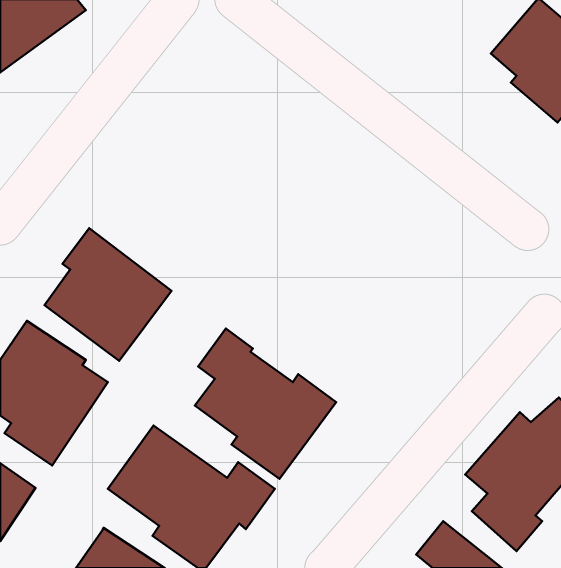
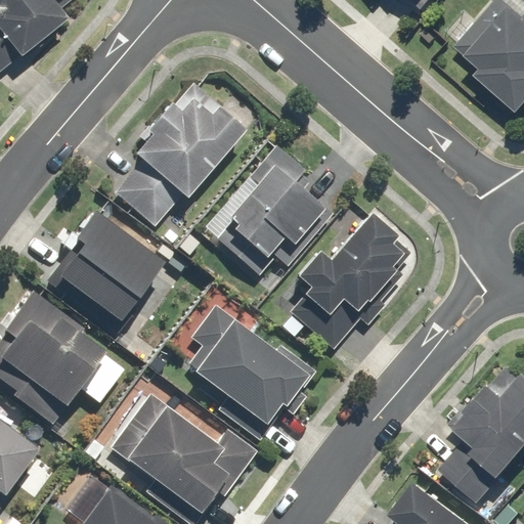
building: none -> [100,82,248,226]
building: none -> [204,145,322,277]
building: none -> [287,211,402,350]

